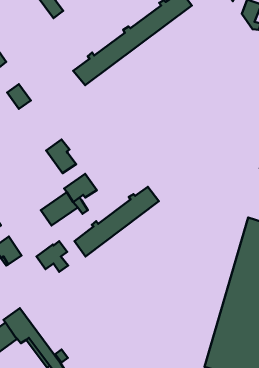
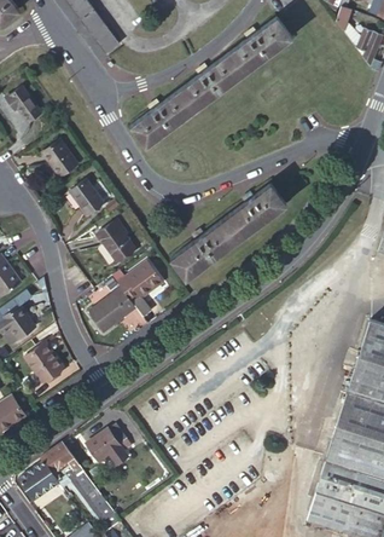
building: none -> [71,179,106,215]
building: [74,187,159,257] -> [173,185,285,278]
building: [36,241,68,272] -> [85,423,127,464]

